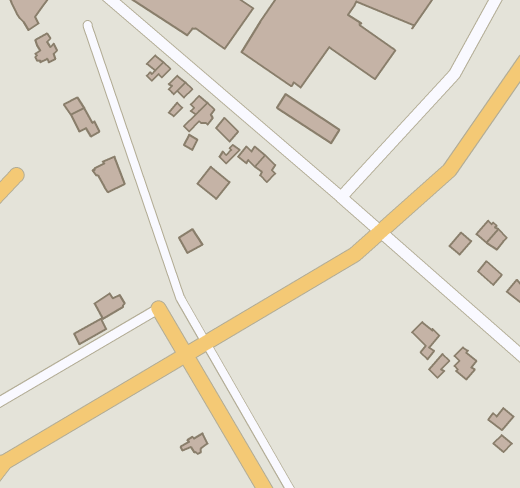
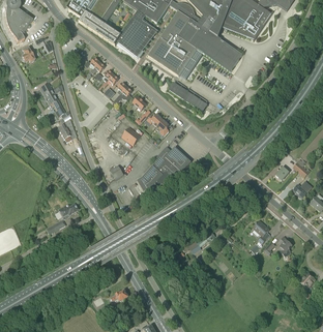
building: none -> [137,146,190,190]

